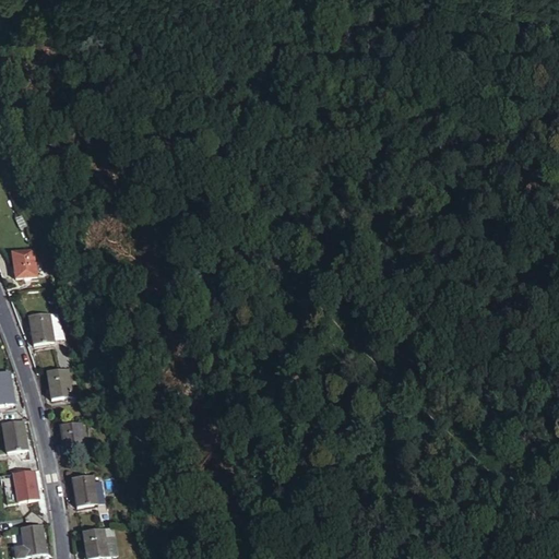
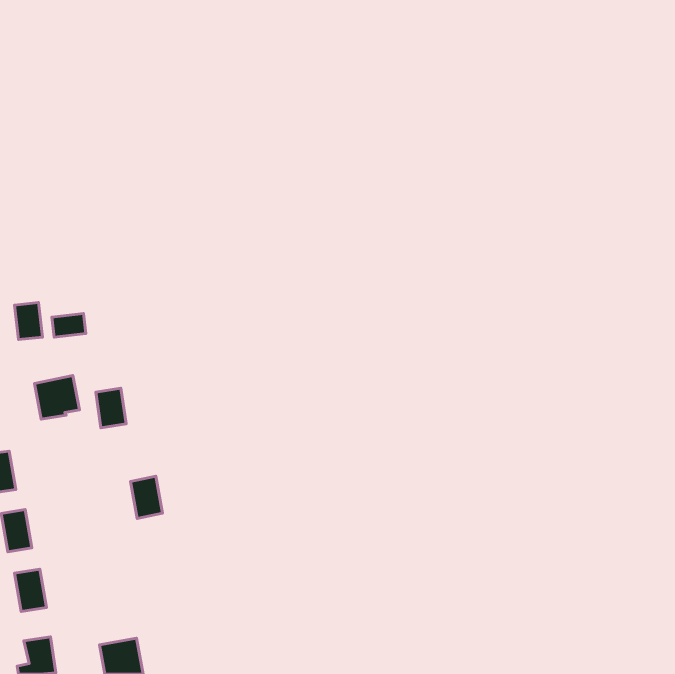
building: none -> [52,314,86,337]
building: [47,367,72,400] -> [96,388,126,428]
building: [60,419,86,454] -> [131,476,162,518]
building: [71,474,103,508] -> none

